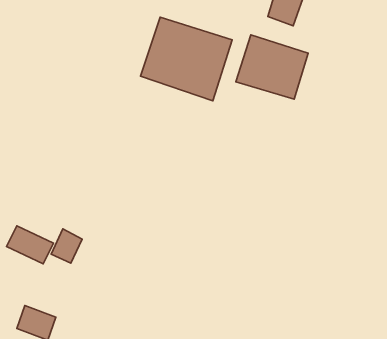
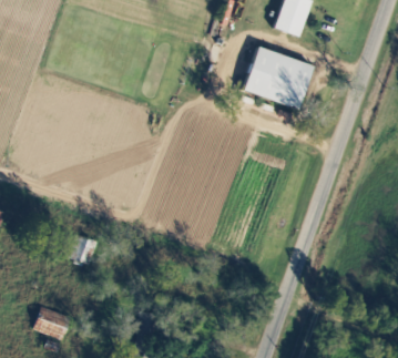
building: [140,17,232,101] -> none
building: [6,226,53,264] -> none

